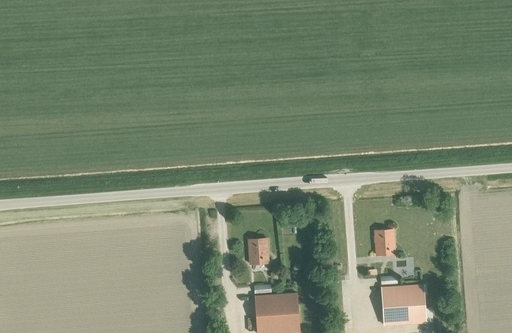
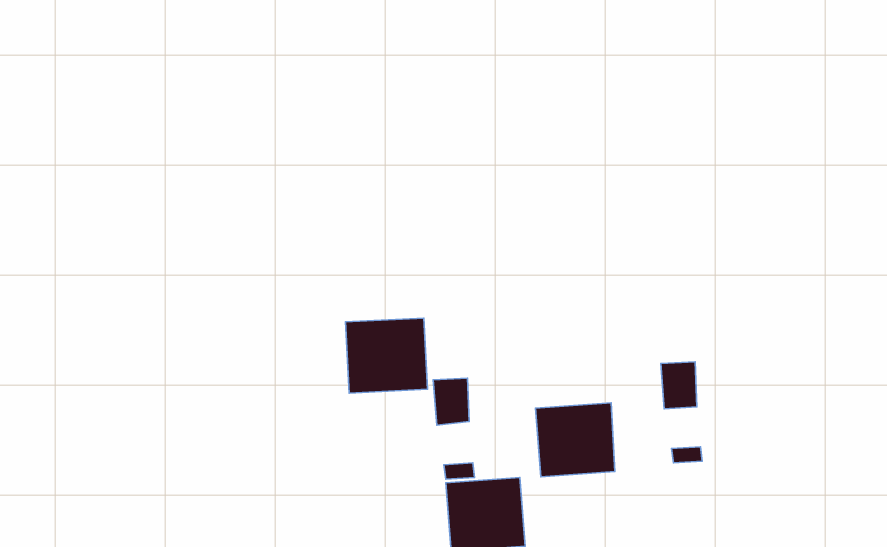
building: none -> [346,318,427,393]
building: [381,284,425,325] -> [535,403,615,477]

